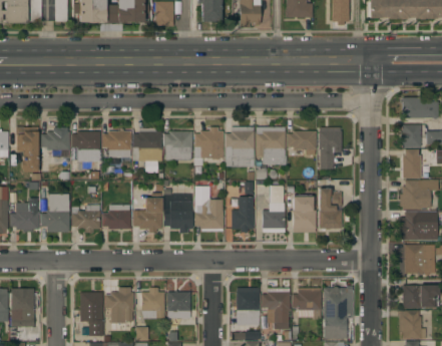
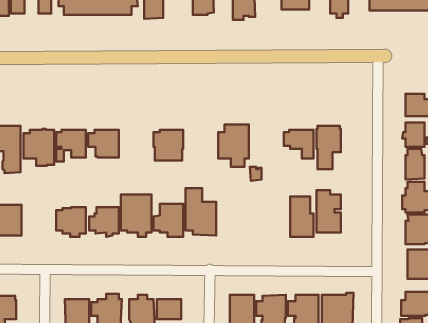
building: [256,126,287,165] -> none
building: [194,127,224,165] -> none
building: [133,128,162,161] -> none
building: [263,187,285,233] -> none
building: [41,194,69,232] -> none
building: [232,197,255,232] -> none

